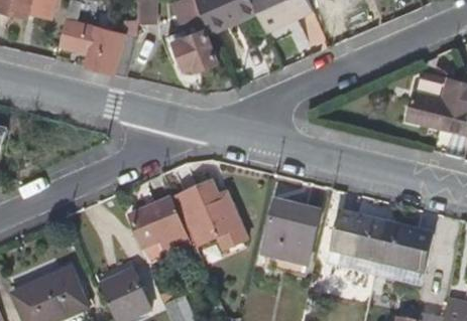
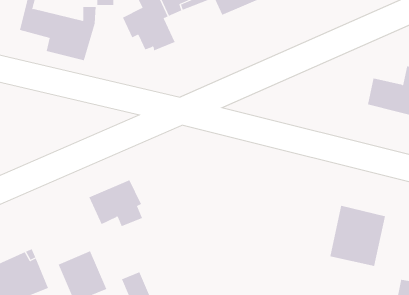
building: [171,179,239,246] -> none
building: [264,200,318,263] -> none
building: [328,211,386,275] -> none

